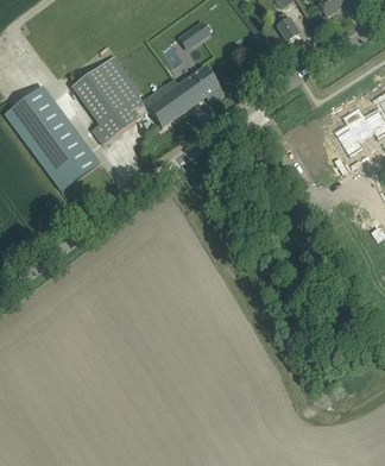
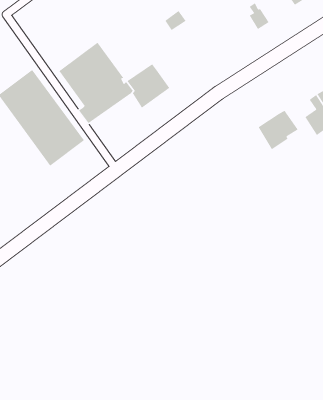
building: [177,65,222,105] -> none
building: none -> [258,110,299,150]

